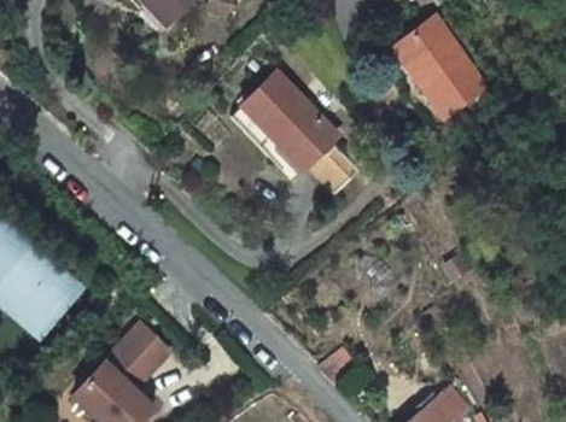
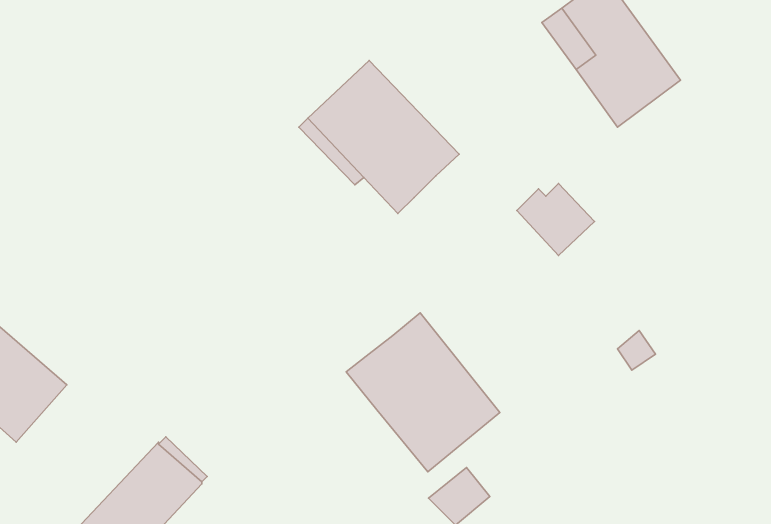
building: [308,146,360,194] -> [517,184,594,256]
building: none -> [346,313,500,472]

